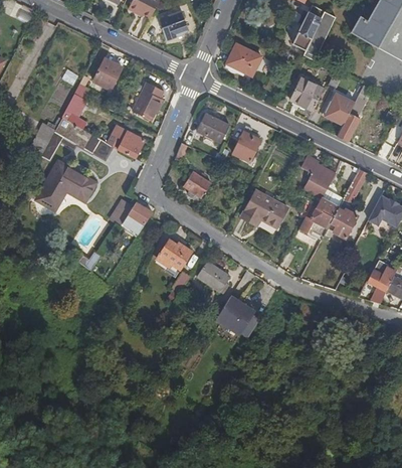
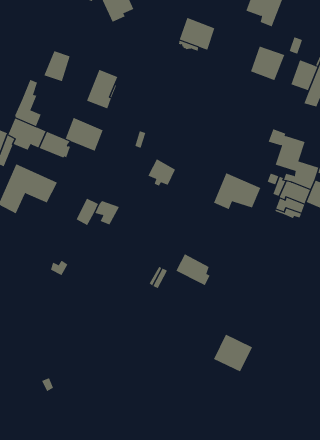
building: [196,116,229,145] -> none
building: [233,123,260,159] -> none
building: [158,240,194,270] -> none
building: [217,297,255,334] -> [213,334,253,372]

